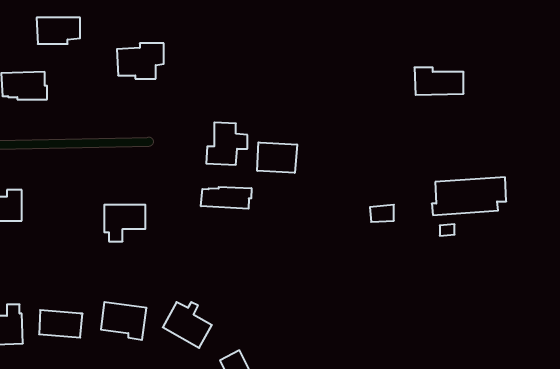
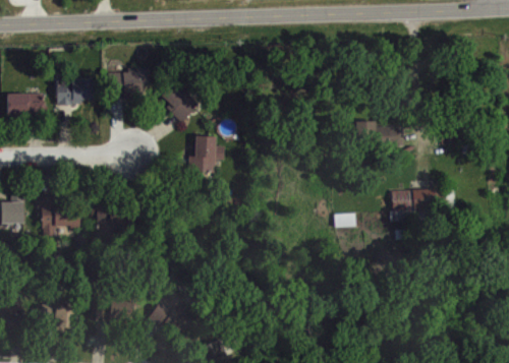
building: [37,18,80,44] -> [55,80,94,104]
building: none -> [160,82,199,124]
building: [414,67,464,95] -> [357,120,401,144]
building: [257,142,297,173] -> none
building: [201,187,251,209] -> none
building: none -> [41,199,80,238]

